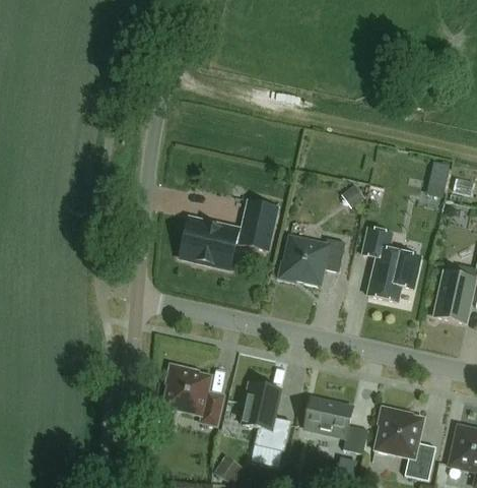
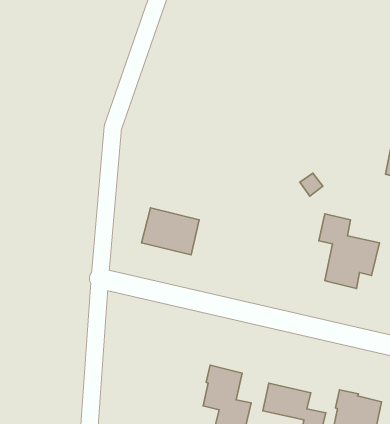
building: [238,200,276,250] -> none
building: [279,235,346,284] -> none
building: [162,362,224,424] -> none

